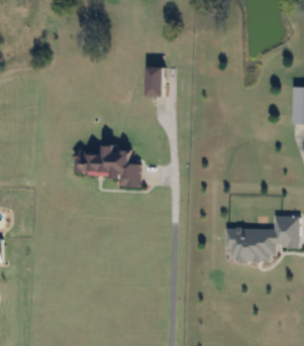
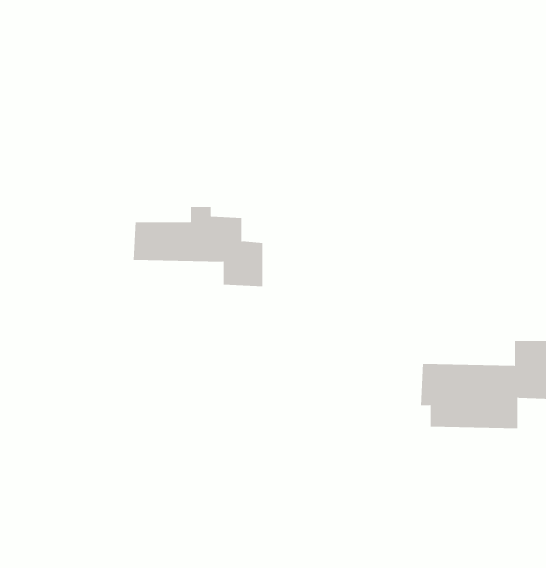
building: [148,68,166,97] -> none

